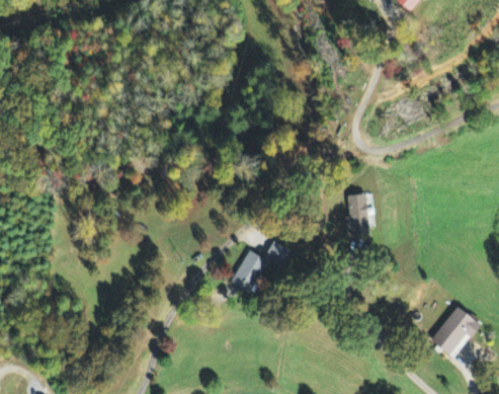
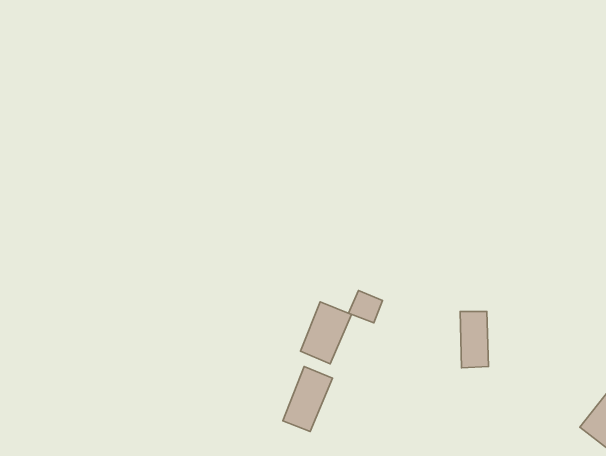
building: [346,194,366,235] -> [460,312,488,368]
building: none -> [283,367,332,431]

